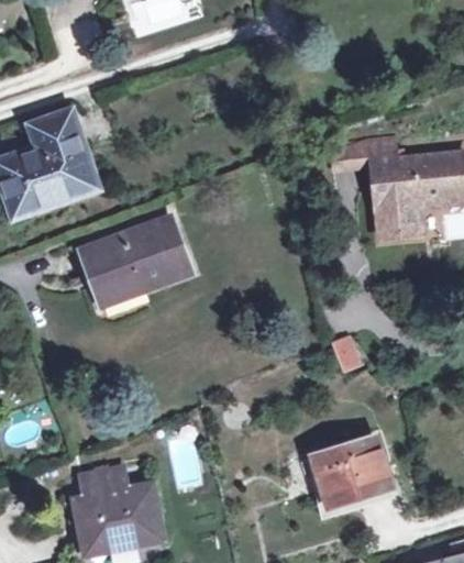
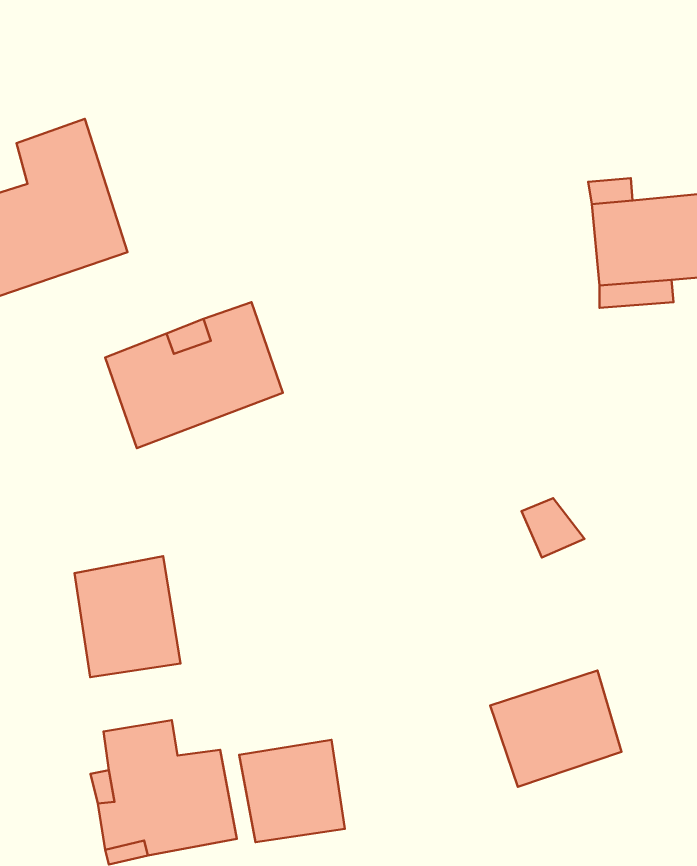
building: none -> [74,556,180,677]
building: none -> [239,740,345,842]

